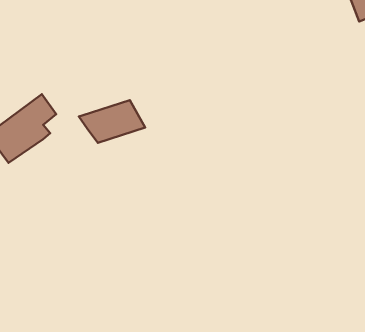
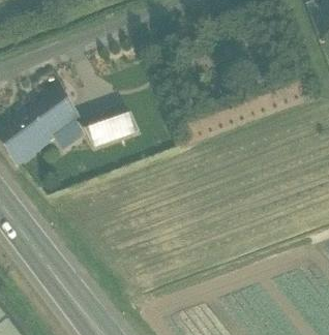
building: none -> [44,92,84,154]

